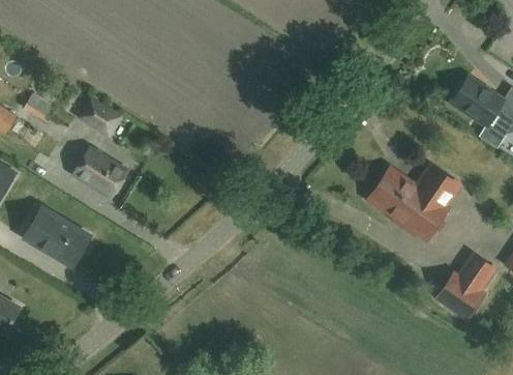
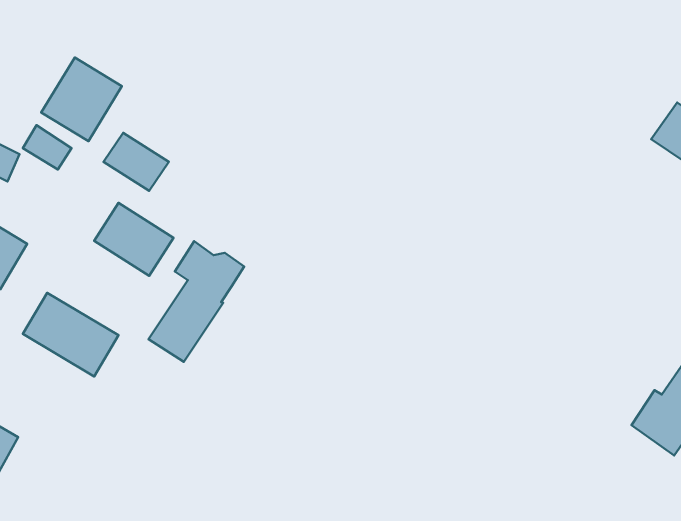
building: none -> [41,57,122,141]
building: [368,167,457,239] -> none
building: none -> [148,241,244,362]

